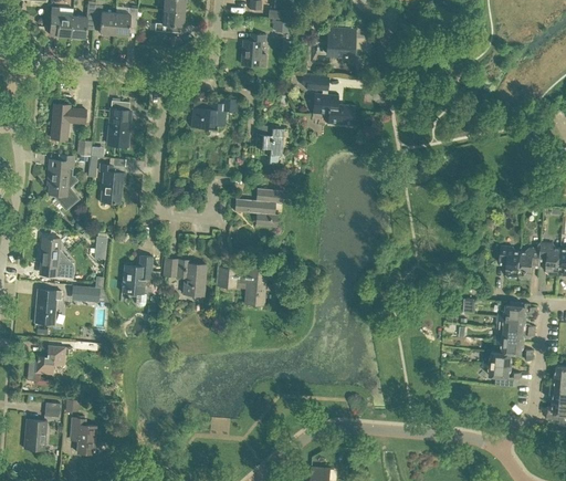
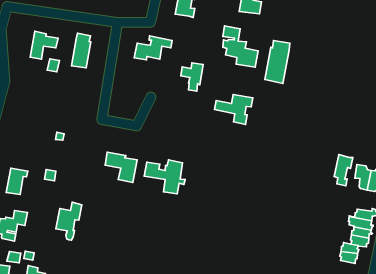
building: none -> [265,41,290,83]
building: [48,155,76,208] -> none
building: [99,165,125,205] -> none
building: [233,189,283,228] -> [215,95,253,125]
building: none -> [334,155,353,186]
building: [39,238,73,278] -> none
building: [120,255,153,306] -> [56,202,82,240]

